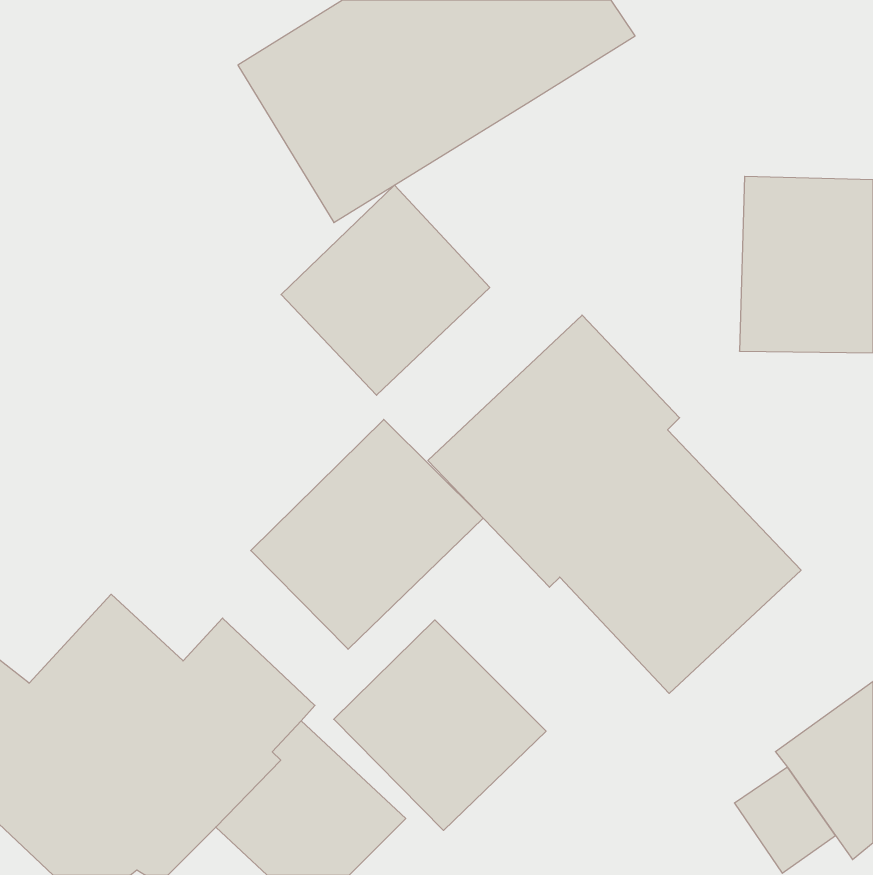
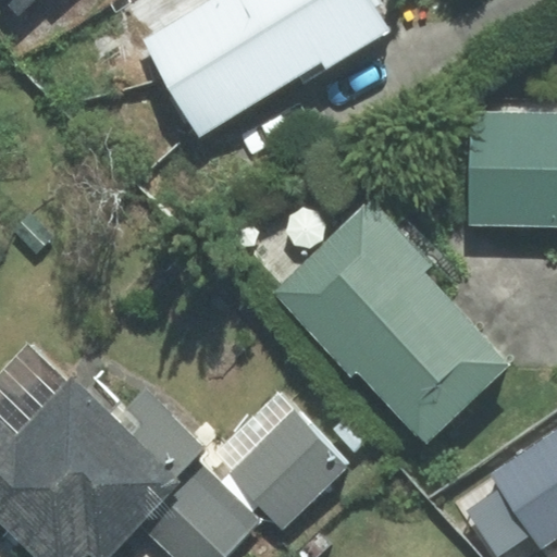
building: [281,185,490,395] -> none
building: [251,419,483,649] -> none

